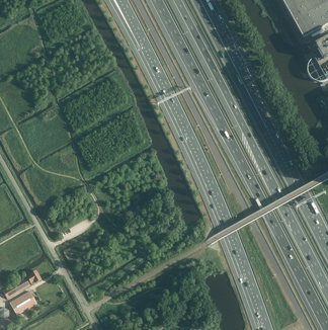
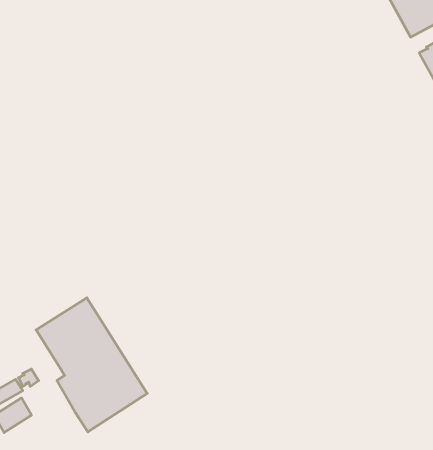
building: none -> [36,298,147,432]

